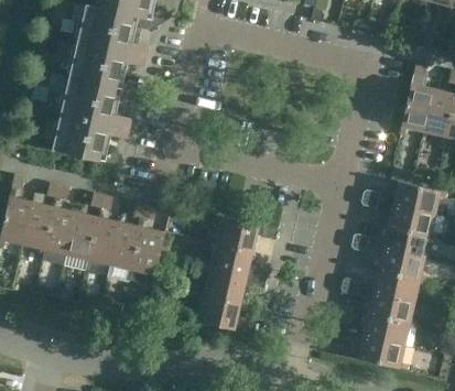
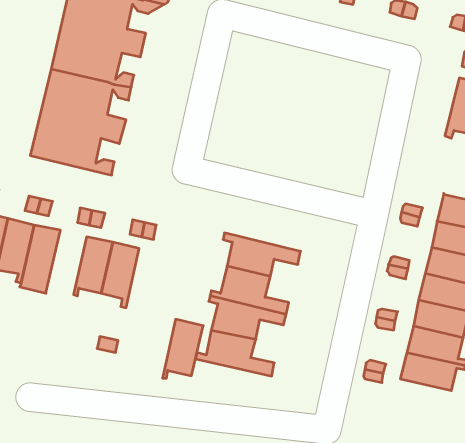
building: [66,211,98,265] -> none
building: [131,227,165,276] -> [163,319,203,378]
building: [356,336,407,369] -> none

